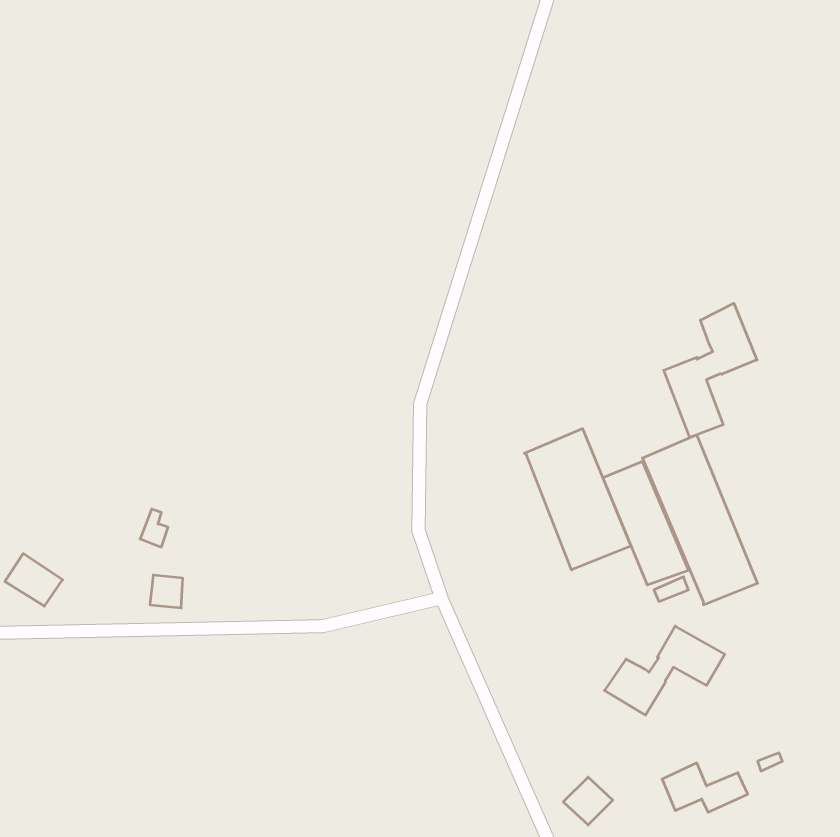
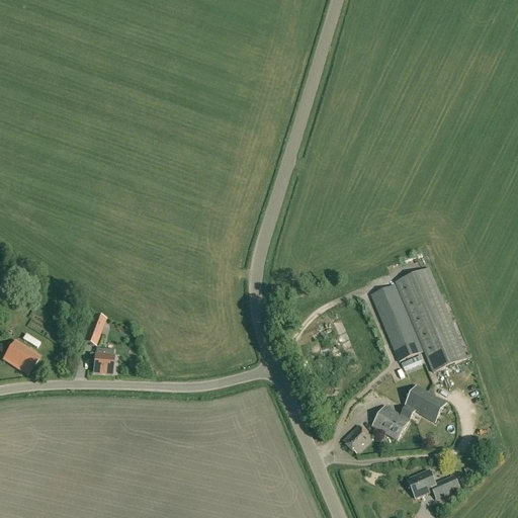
building: [664,303,757,438] -> none
building: [524,429,631,570] -> none
building: [563,777,613,825] -> [342,424,372,453]

